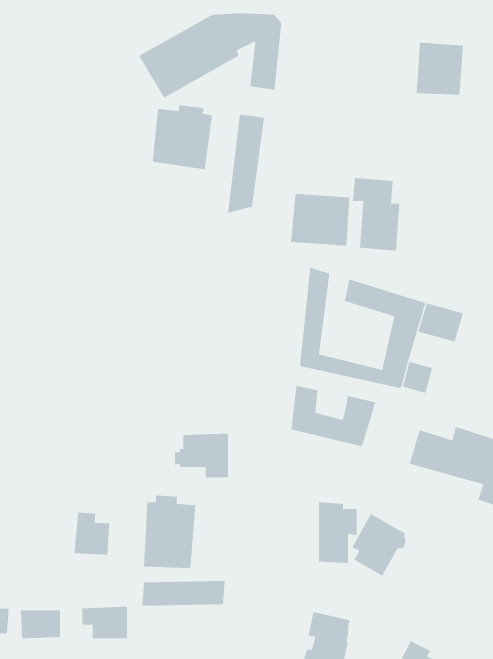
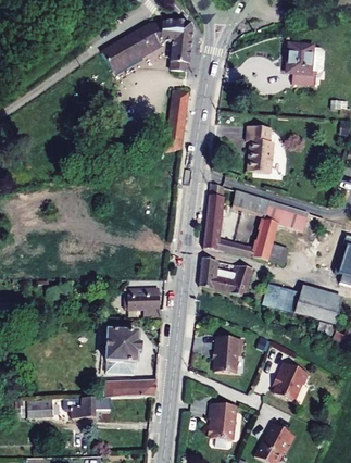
building: [152,105,212,170] -> none
building: [290,193,350,246] -> none
building: [74,512,110,556] -> none
building: [352,513,406,577] -> [273,358,308,398]

